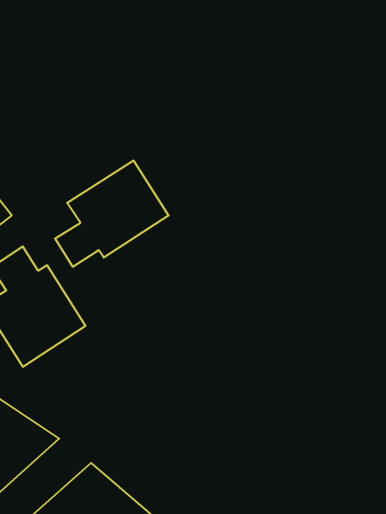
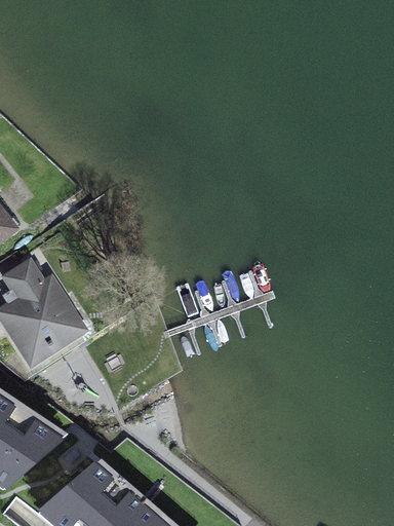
building: [55,160,169,267] -> none

